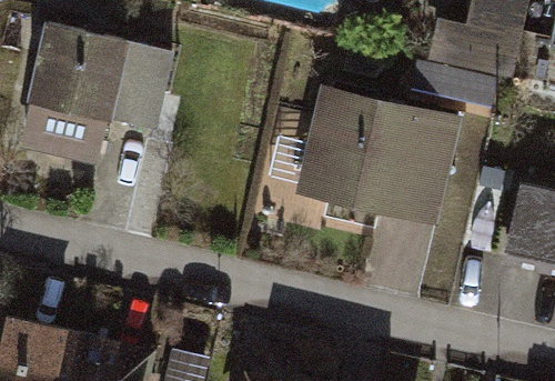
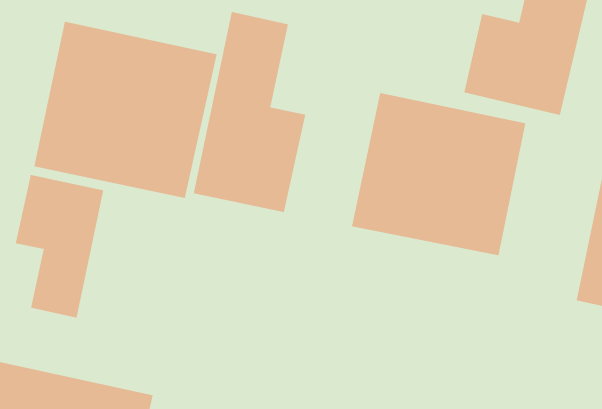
building: none -> [193,11,306,213]
building: none -> [15,174,104,318]

